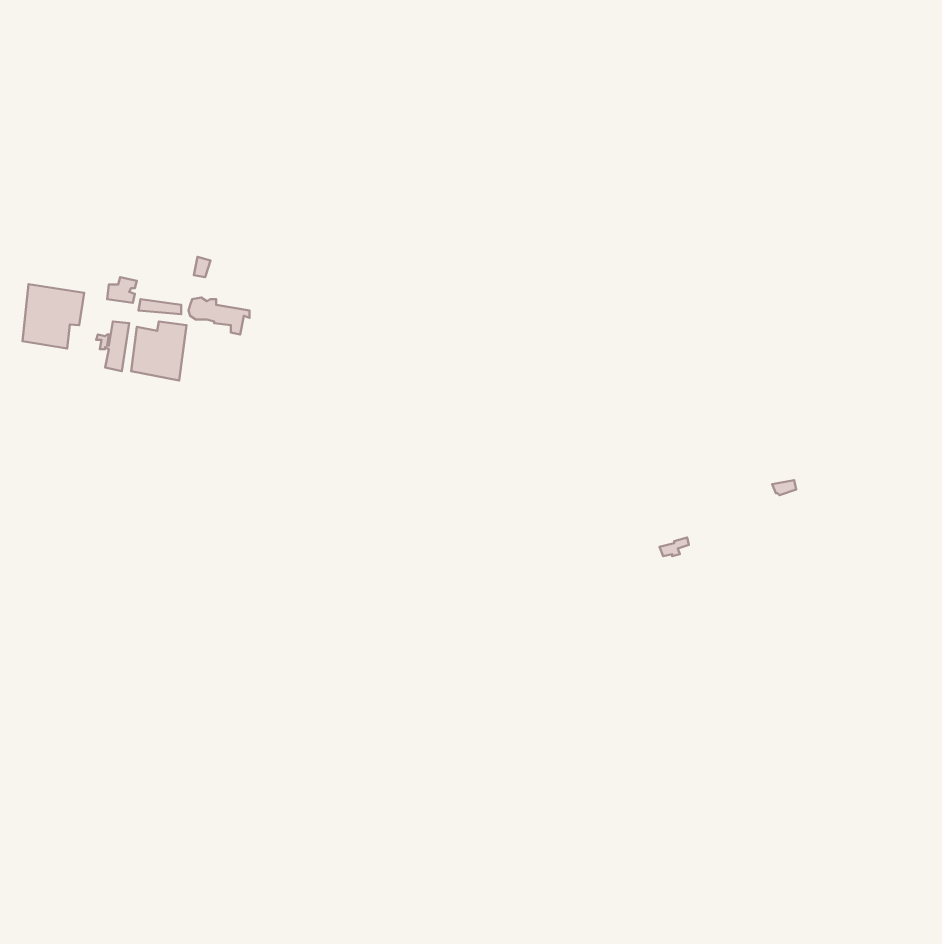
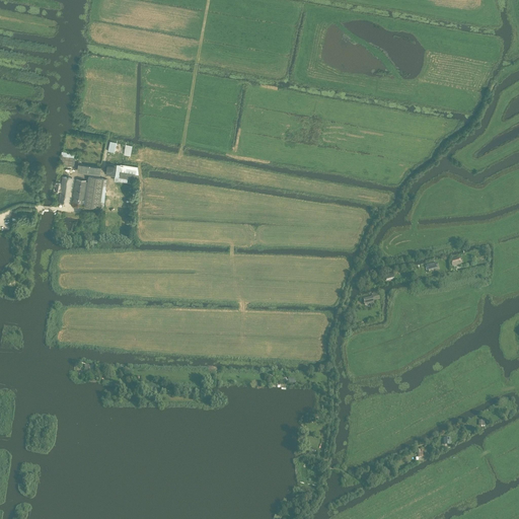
building: [23,284,84,348] -> none

